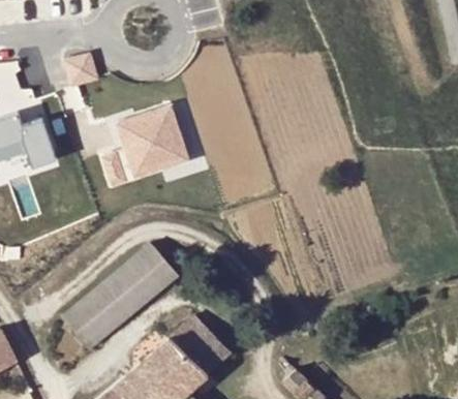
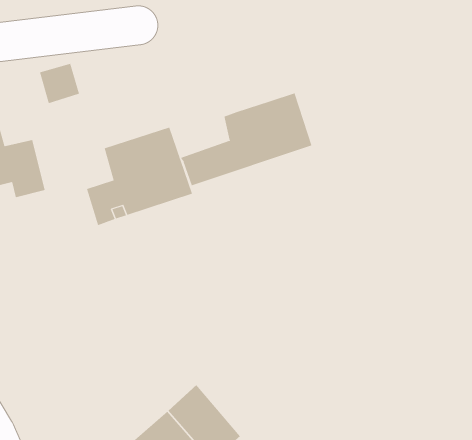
building: none -> [180,93,312,186]
building: [58,244,176,351] -> none

